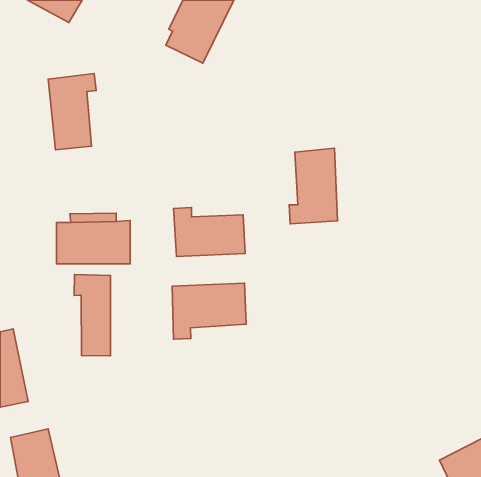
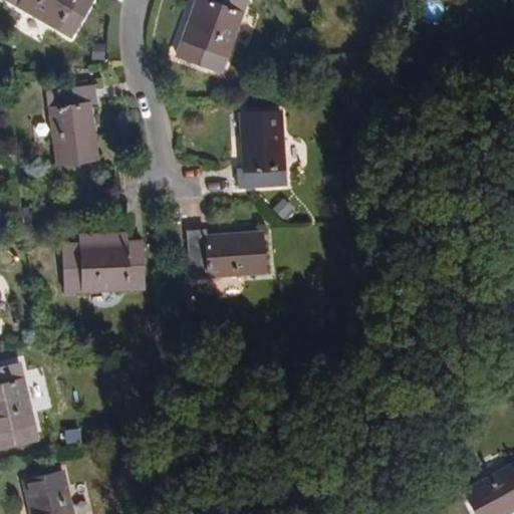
building: [289,148,337,224] -> [236,115,287,196]
building: [74,275,111,356] -> none
building: [172,283,246,339] -> none

